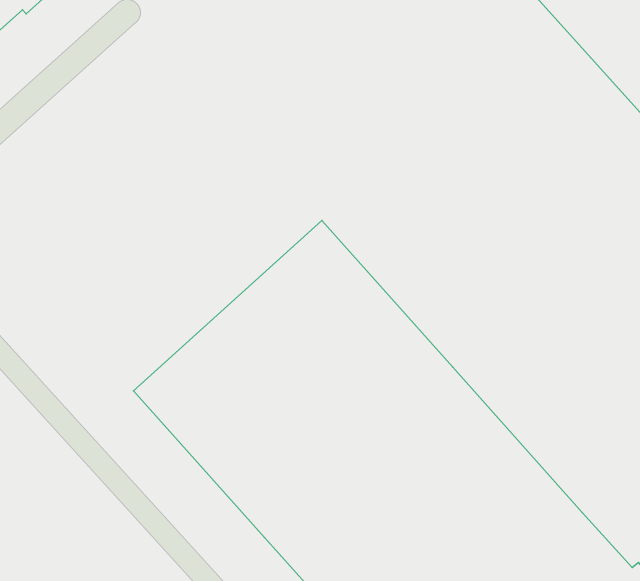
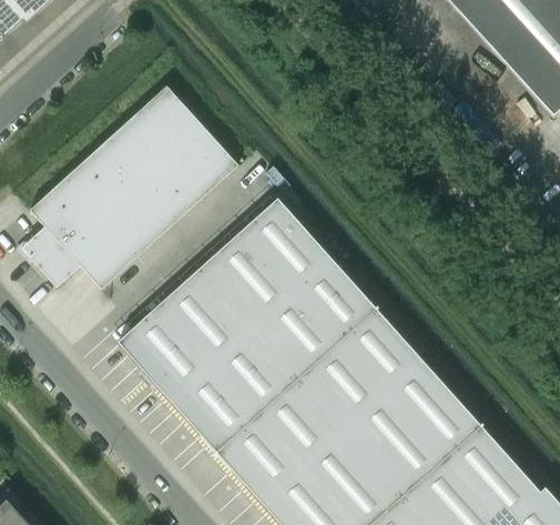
building: none -> [27,87,238,289]

